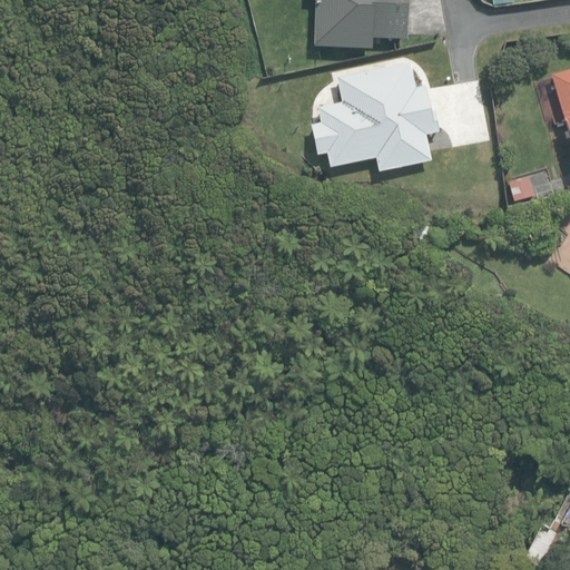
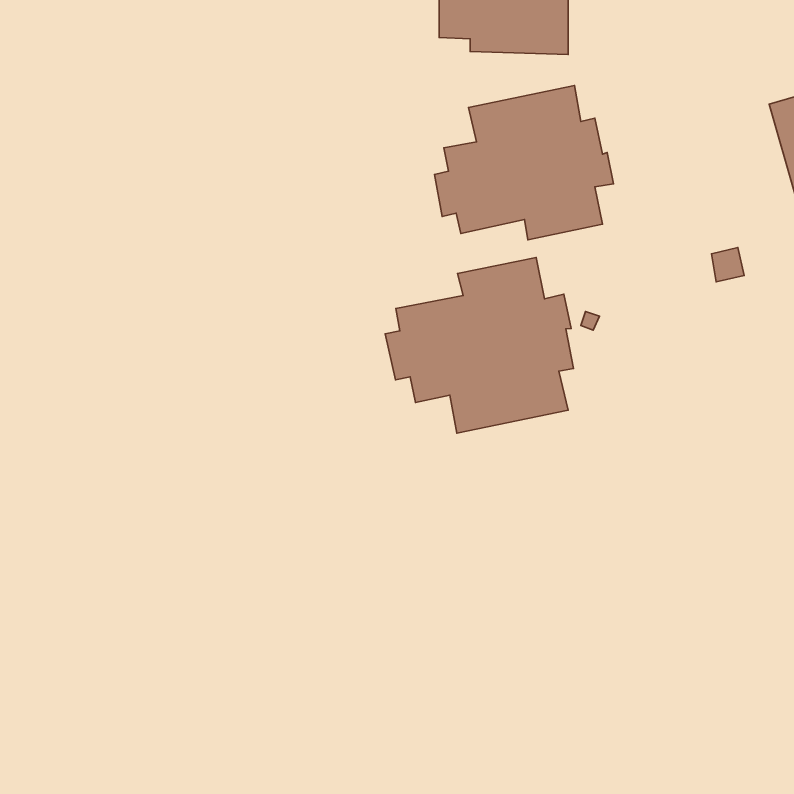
building: none -> [385,258,574,433]

